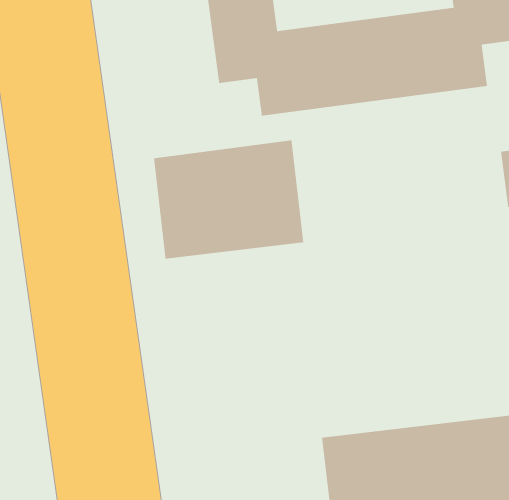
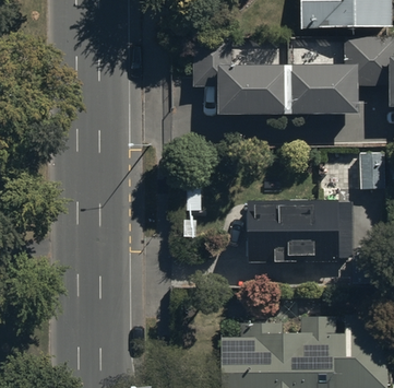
building: [153,139,304,259] -> [249,197,338,262]

